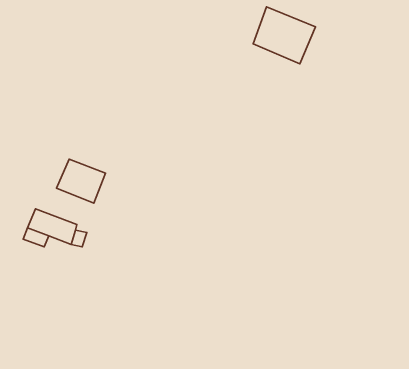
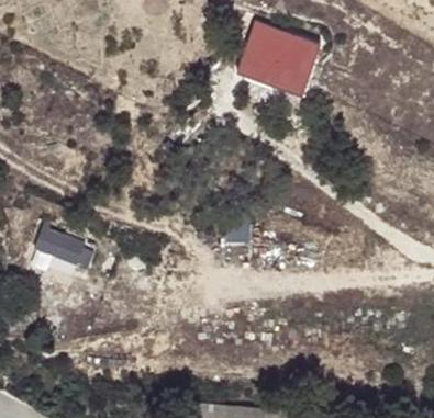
building: [56,159,106,203] -> none

